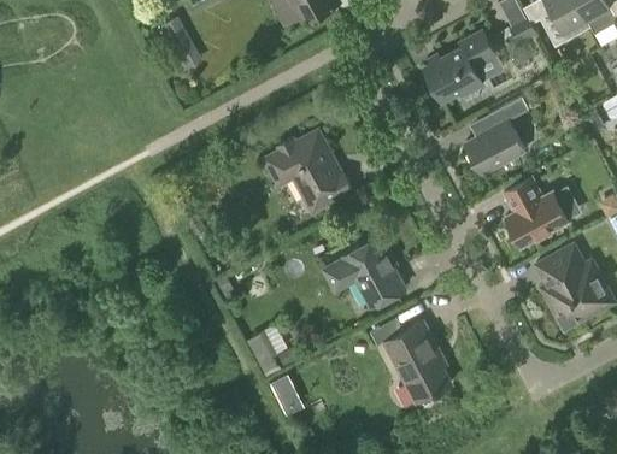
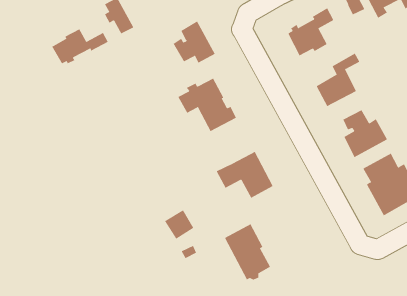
building: none -> [173,21,216,63]
building: none -> [52,28,109,64]
building: [383,322,451,403] -> [224,224,271,280]

